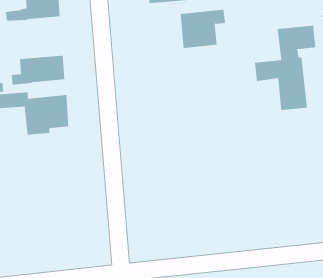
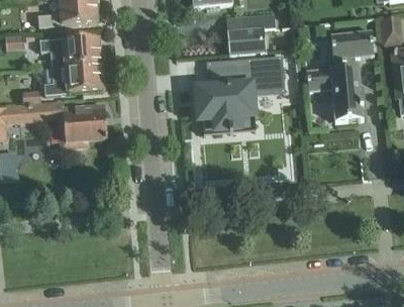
building: none -> [40,36,101,67]
building: none -> [196,56,285,135]

